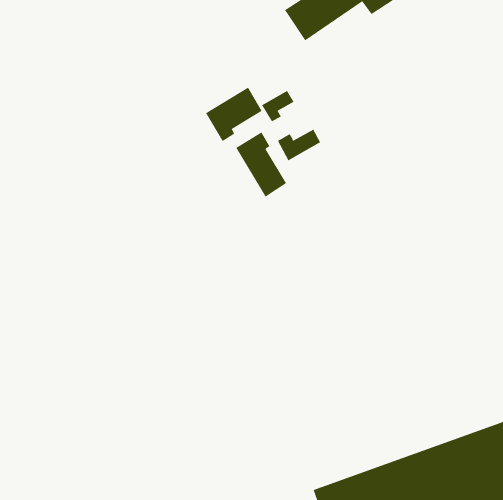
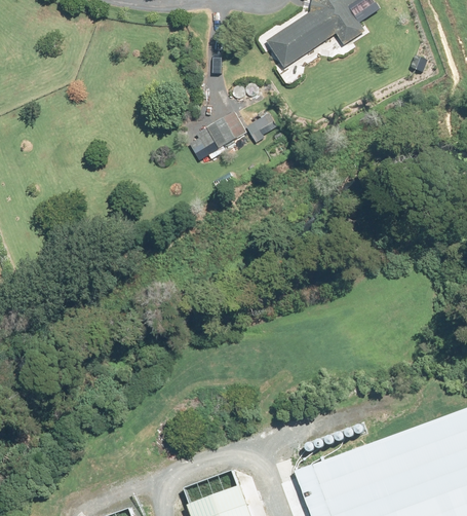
building: [277,129,321,161] -> none
building: [235,132,287,197] -> none

